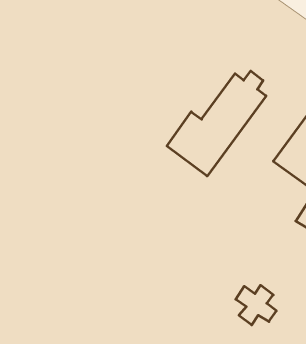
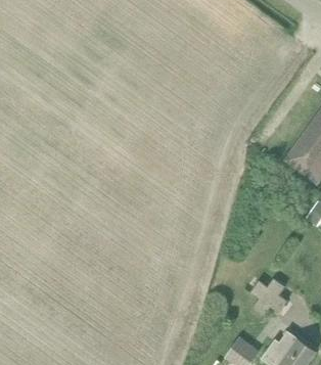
building: [167,71,266,176] -> none

